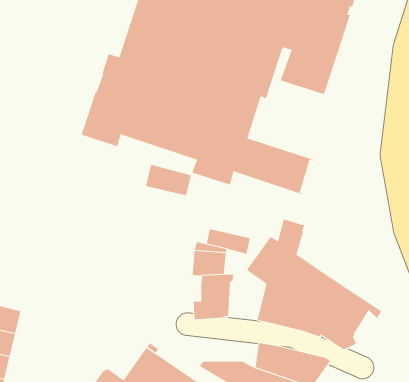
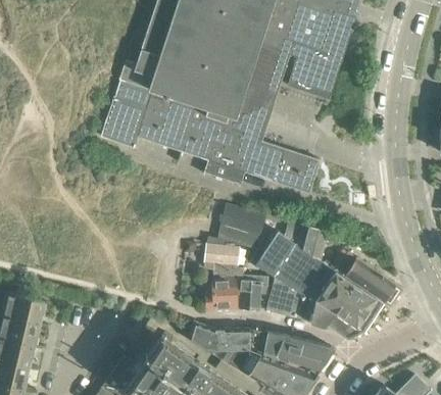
building: [145,164,192,196] -> [222,205,265,235]
building: none -> [304,227,330,261]
building: none -> [336,253,403,308]
building: none -> [240,276,268,310]
building: none -> [189,322,267,356]

